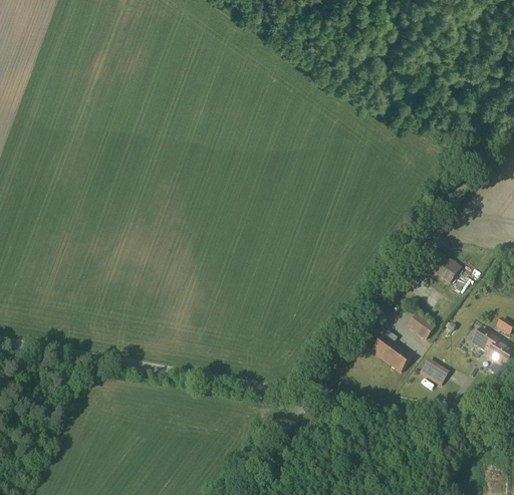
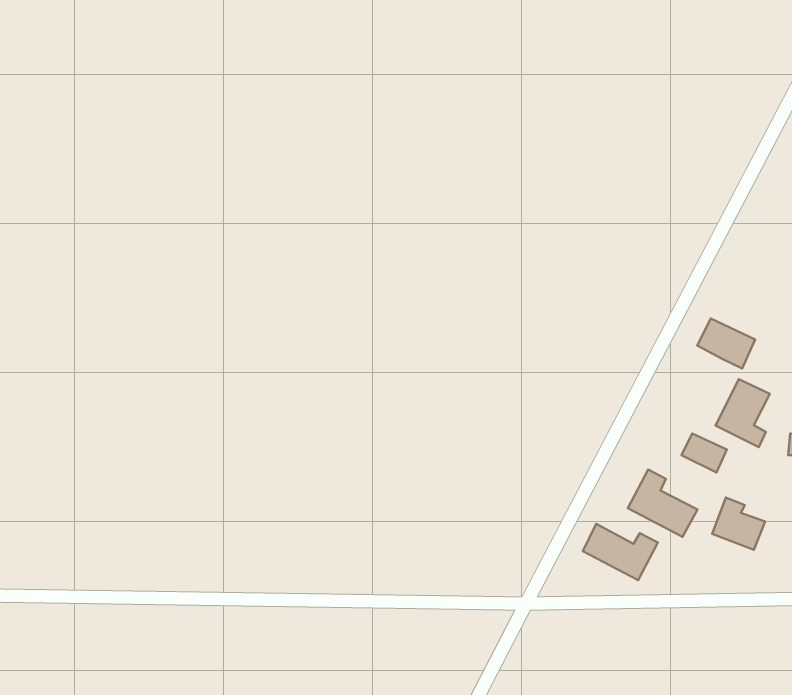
building: none -> [715,379,770,447]
building: none -> [583,524,658,580]

